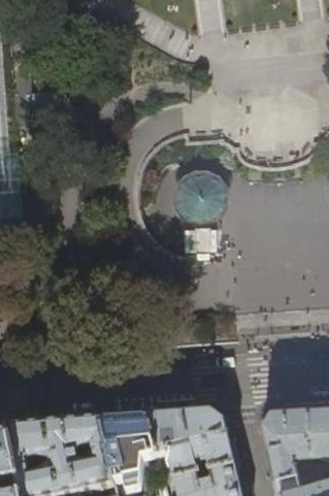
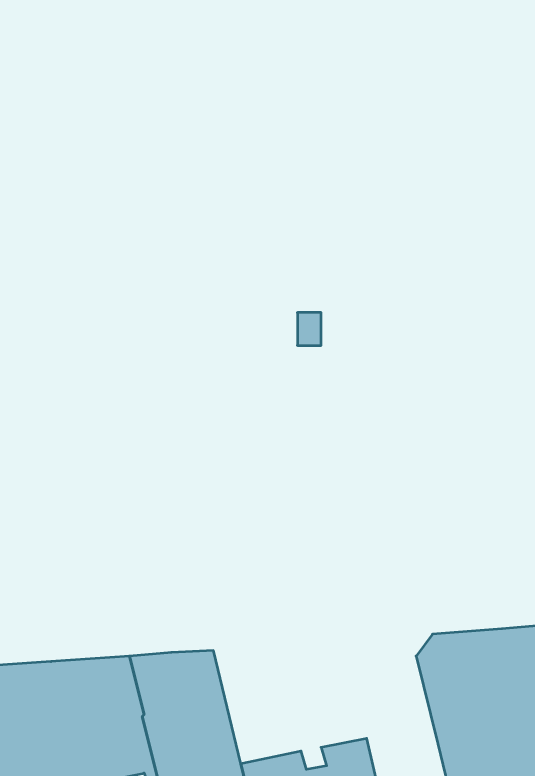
building: [180,169,230,216] -> none
building: [146,412,233,482] -> none

